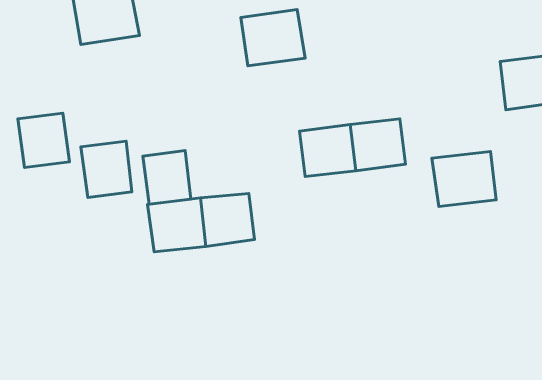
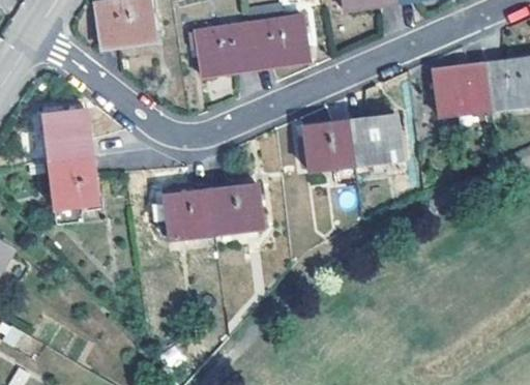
building: none -> [197,23,256,76]
building: [81,141,132,197] -> [51,155,97,207]
building: [143,151,191,204] -> none
building: [432,151,496,207] -> [434,63,493,114]

